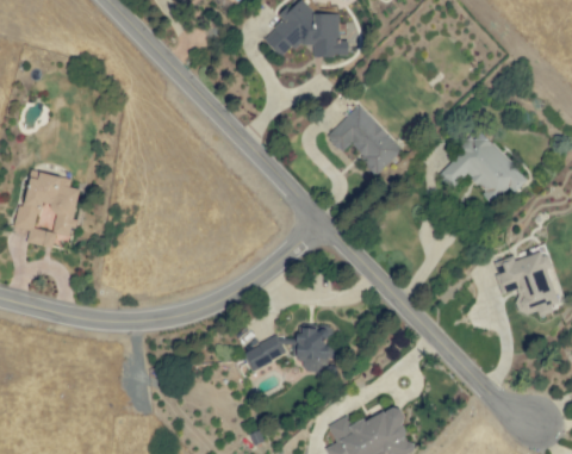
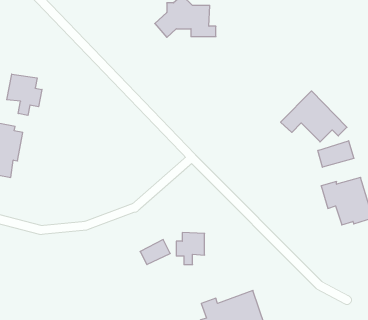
building: [327,105,403,173] -> none
building: none -> [7,74,42,115]
building: none -> [318,141,354,167]

